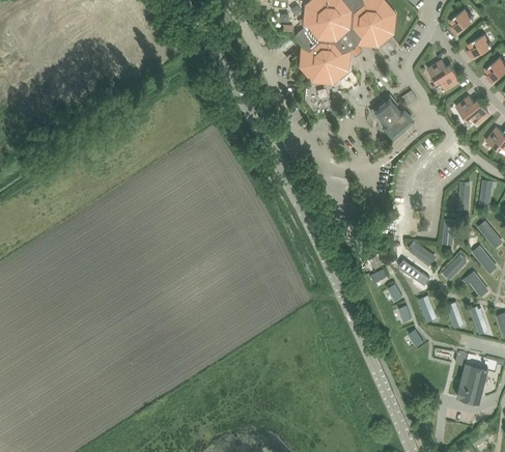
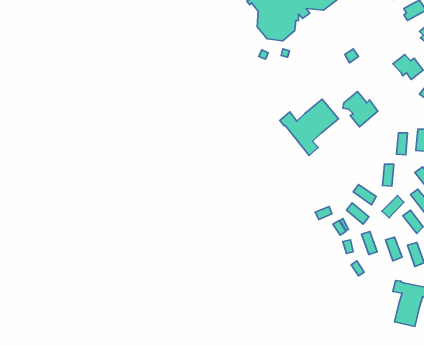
building: [426,60,459,89] -> none
building: [372,98,412,138] -> [343,92,378,127]
building: none -> [280,99,339,155]

